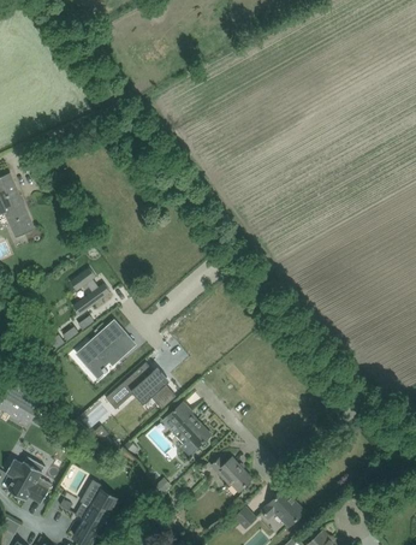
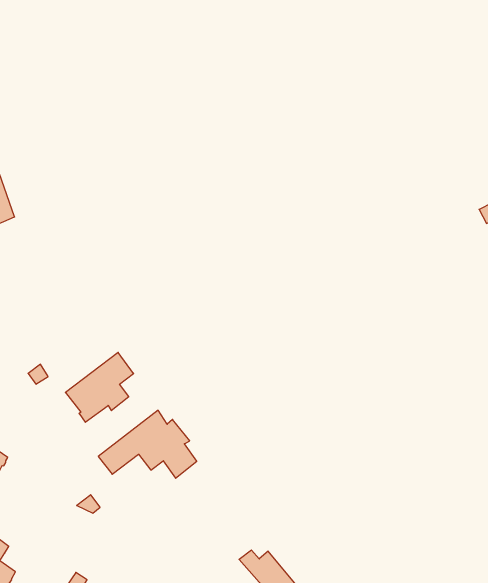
building: [71,267,112,315] -> none
building: [162,401,212,455] -> none

